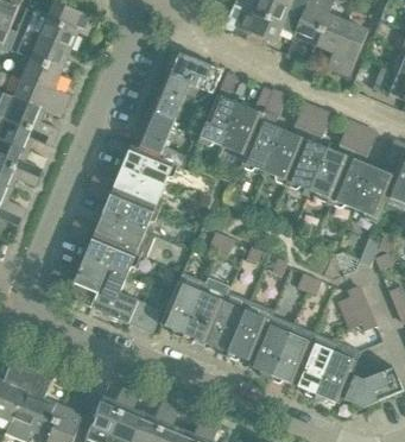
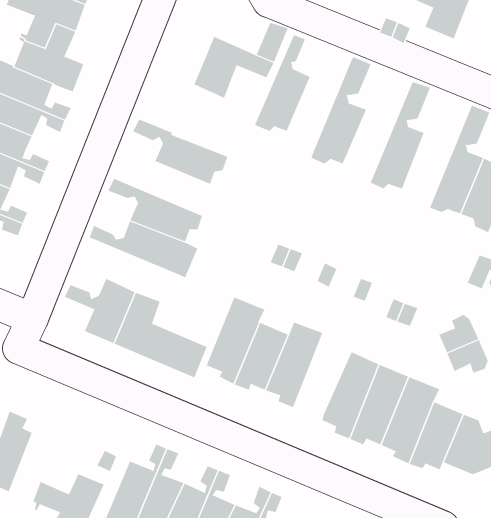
building: [166,51,209,88] -> none
building: [222,88,271,160] -> none
building: [265,102,317,185] -> none
building: [134,111,186,168] -> none
building: [310,120,362,204] -> none
building: [90,169,164,210] -> none
building: [68,227,140,276] -> none
building: [227,299,273,361] -> none
building: [11,371,63,428] -> none

